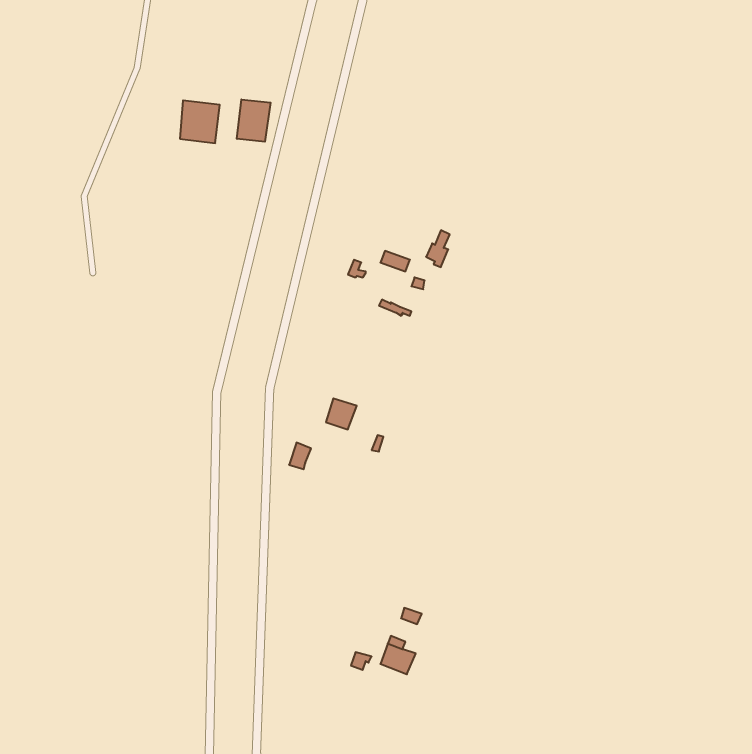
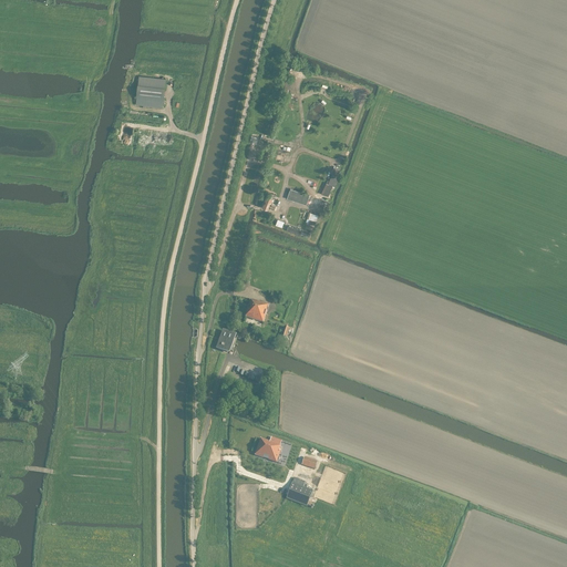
building: [237,99,271,142] -> none
building: none -> [254,436,281,463]

